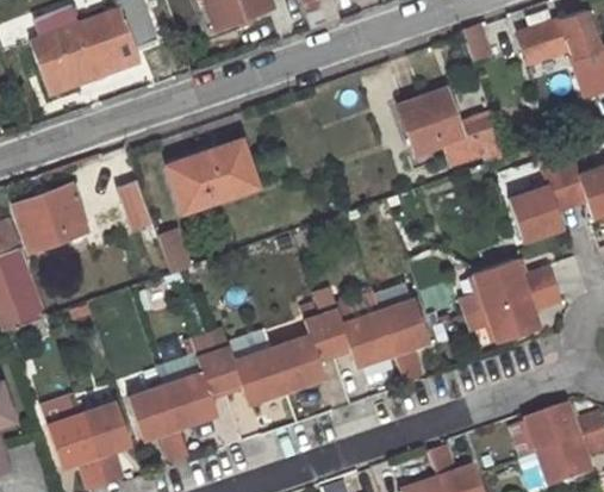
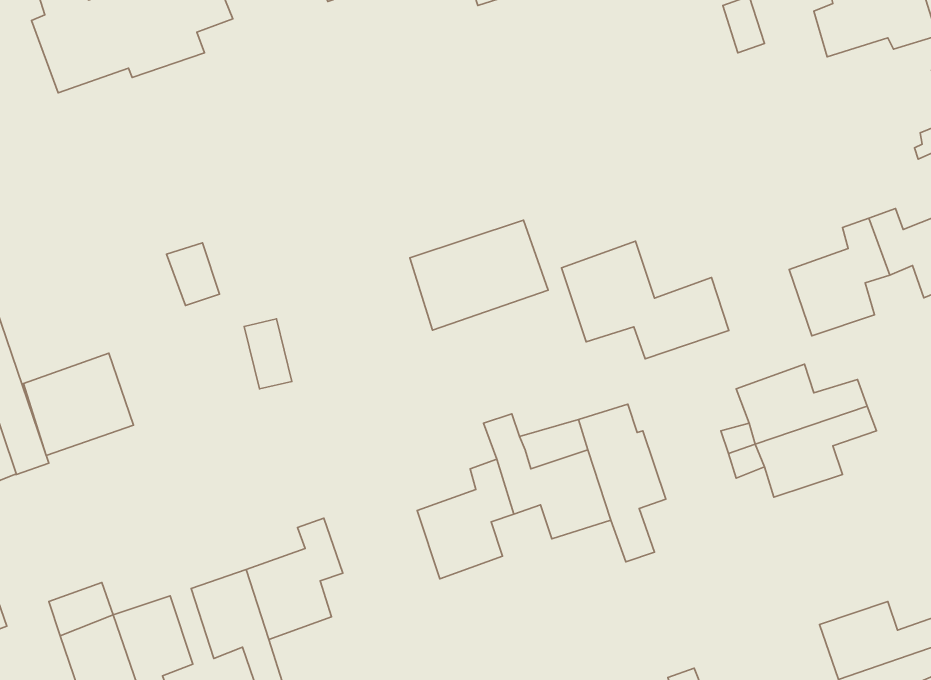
building: [398,91,503,164] -> [562,241,729,359]
building: [169,144,256,213] -> [410,220,548,330]
building: [19,186,88,250] -> [23,353,133,456]
building: [214,347,287,404] -> none

